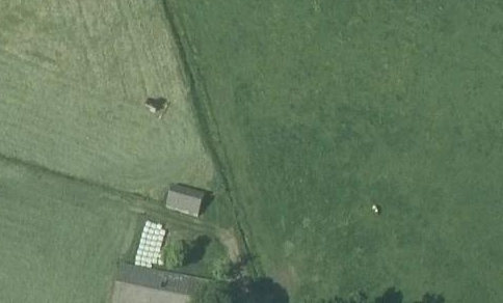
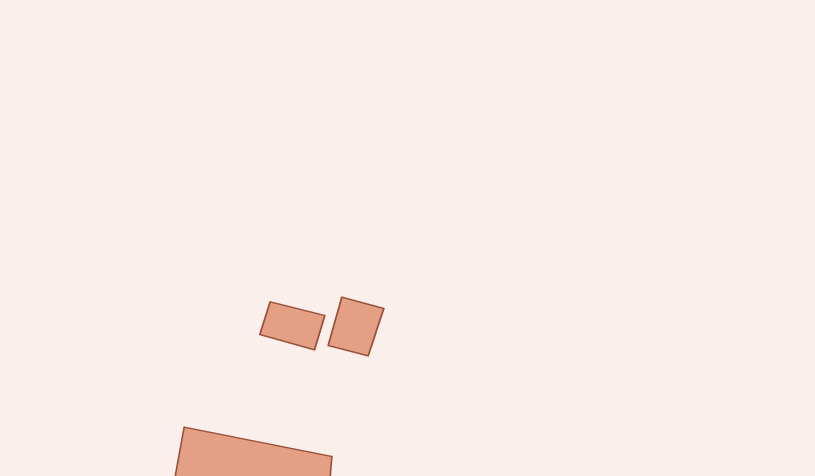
building: none -> [328,297,384,356]

